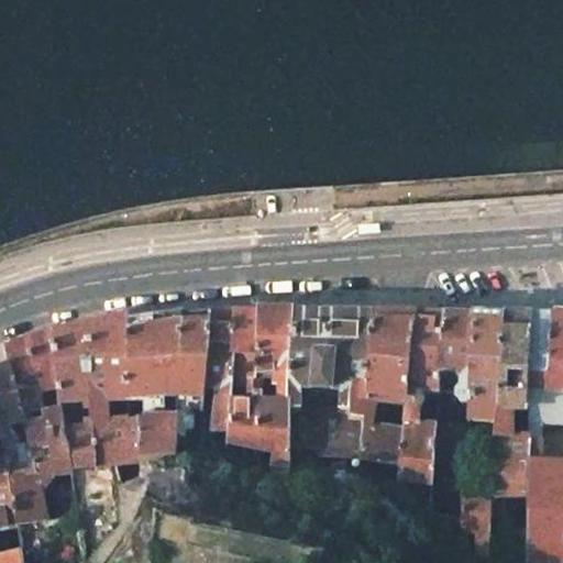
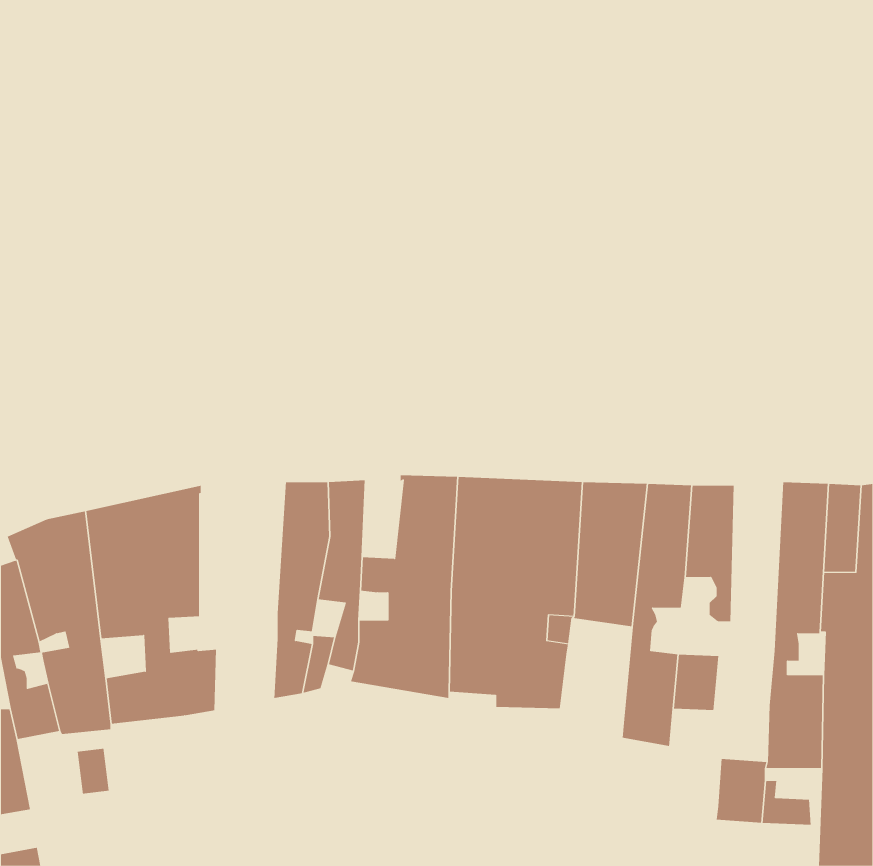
building: [233,309,260,360] -> none
building: [471,309,504,419] -> none
building: [129,310,184,457] -> none
building: [358,421,405,467] -> none
building: [11,471,47,521] -> none

